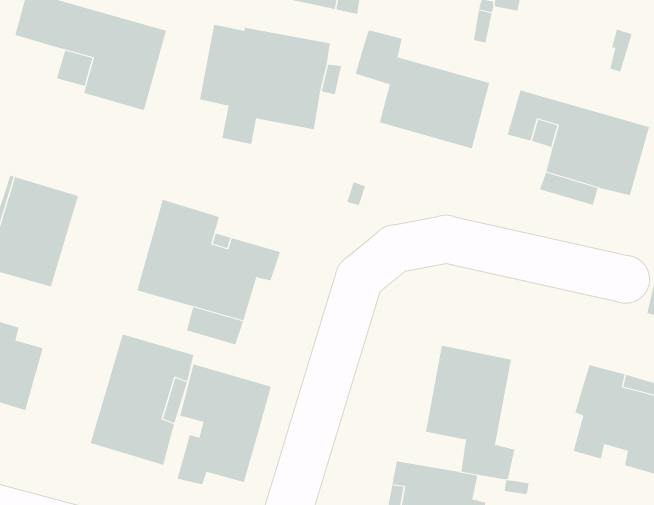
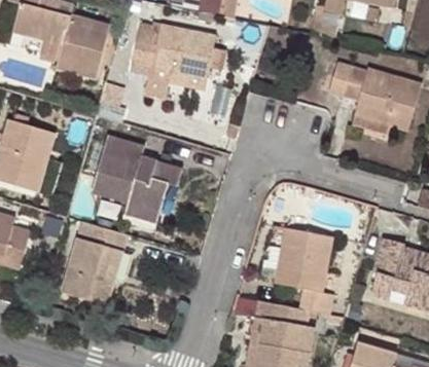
building: [355,29,490,149] -> none
building: [177,364,272,485] -> none

